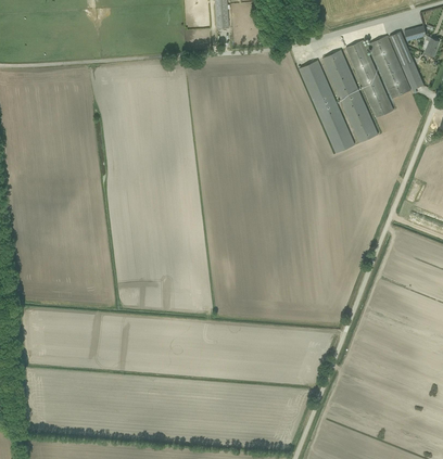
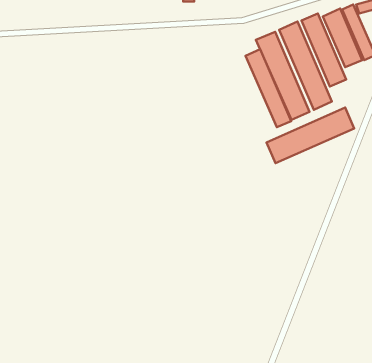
building: none -> [245,49,291,127]
building: none -> [267,108,354,163]

